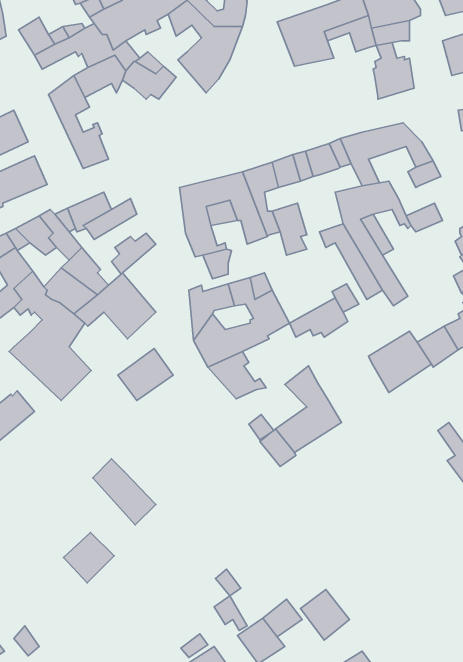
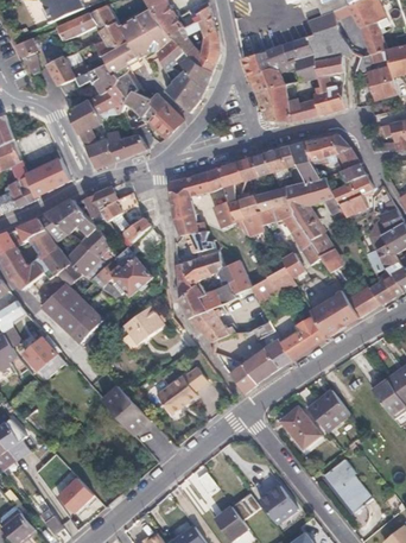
building: none -> [255,86,318,122]
building: none -> [148,100,184,138]
building: none -> [107,133,147,162]
building: none -> [334,175,373,204]
building: none -> [258,184,292,234]
building: none -> [280,315,326,360]
building: none -> [158,367,207,412]
building: none -> [309,390,348,430]
building: none -> [281,406,319,447]
building: [64,532,114,583] -> [58,478,96,516]
building: none -> [323,466,370,511]

